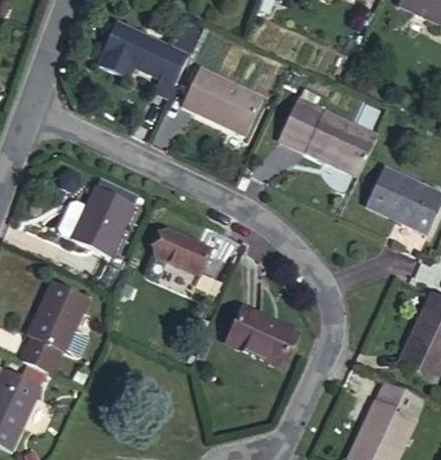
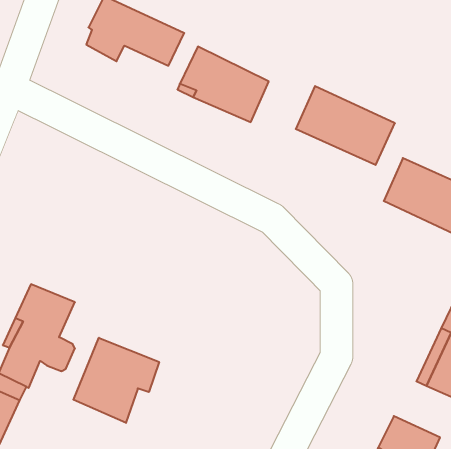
building: [59,186,133,256] -> none
building: [153,228,211,274] -> none
building: [227,306,299,368] -> none
building: none -> [73,338,159,423]

